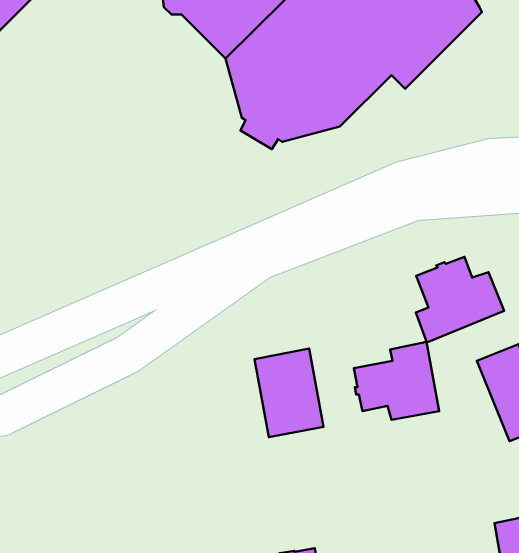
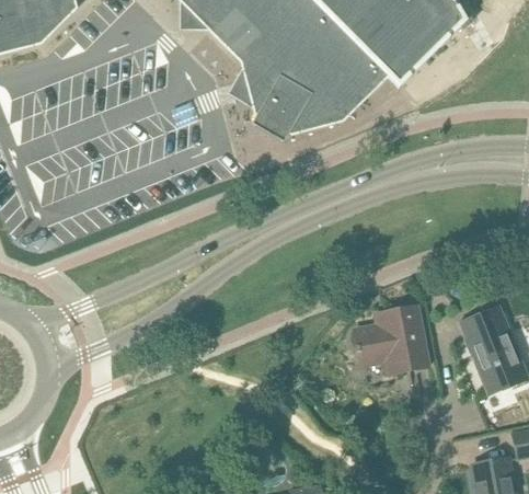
building: [416,257,504,342] -> none
building: [254,349,324,437] -> none

